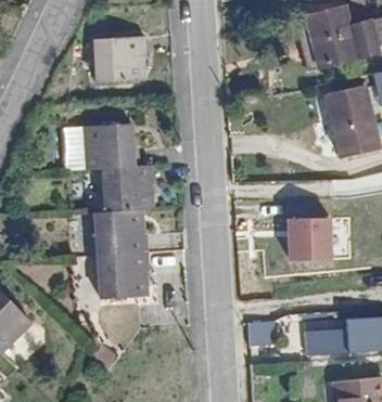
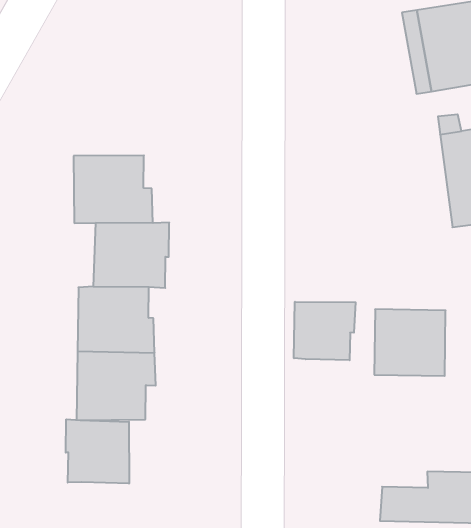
building: [94,37,147,81] -> none
building: none -> [294,302,356,360]
building: none -> [66,419,129,484]

